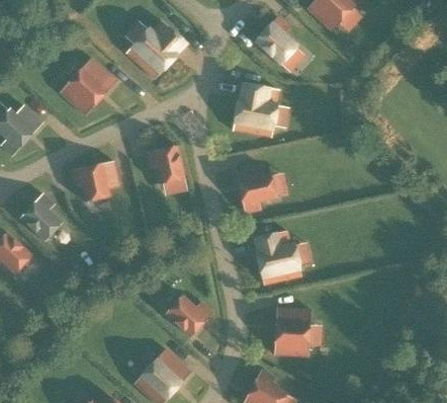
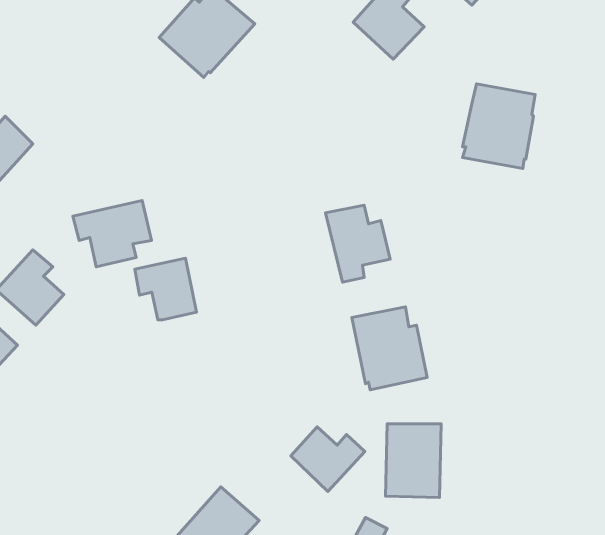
building: [60,58,117,115] -> none
building: [232,82,279,138] -> [463,84,535,168]
building: [145,145,185,185] -> [135,258,196,320]
building: [165,295,213,337] -> [291,427,365,491]

